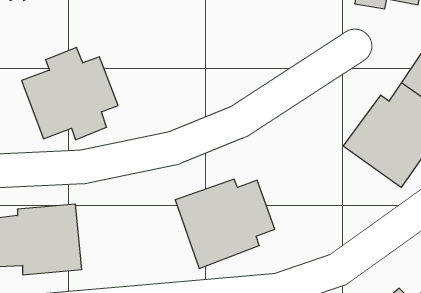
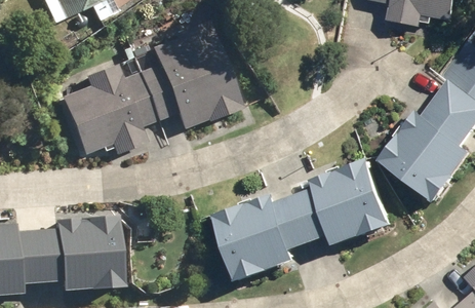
building: none -> [137,23,241,129]
building: none -> [293,157,395,246]

